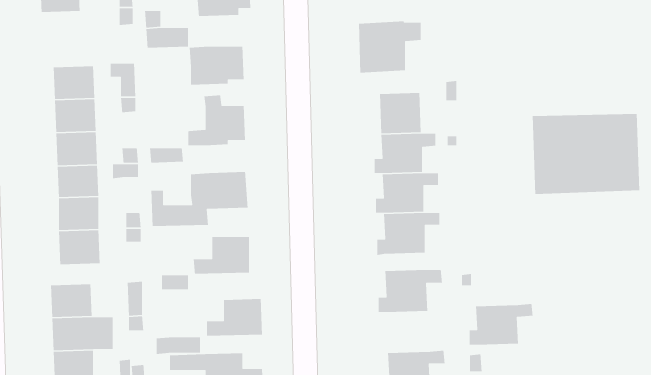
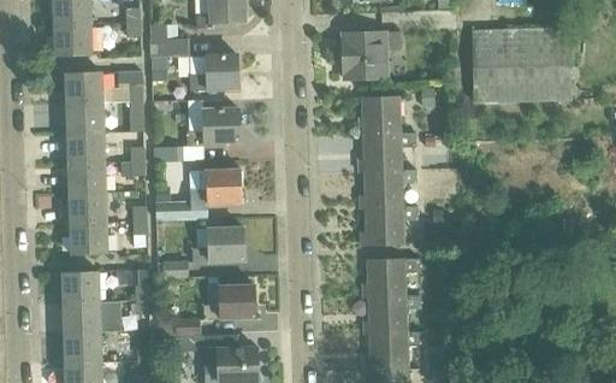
building: none -> [54,23,91,55]
building: [532,113,640,195] -> [472,26,570,101]
building: [469,303,533,345] -> [362,295,421,334]

